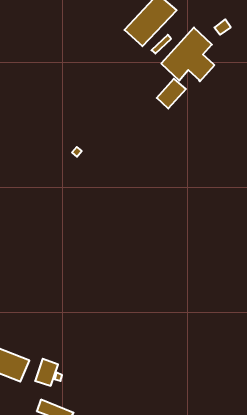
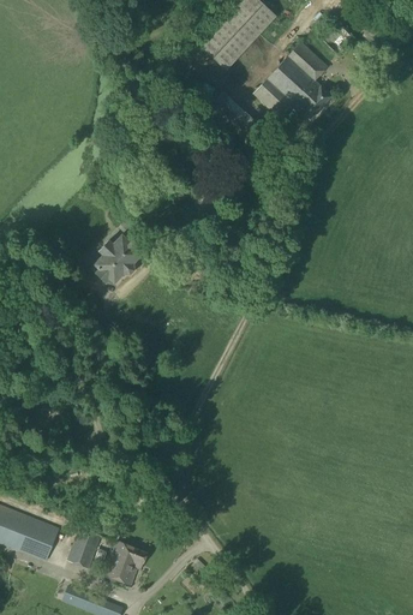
building: [157,79,186,109] -> none
building: none -> [92,232,143,283]
building: none -> [104,539,148,584]

